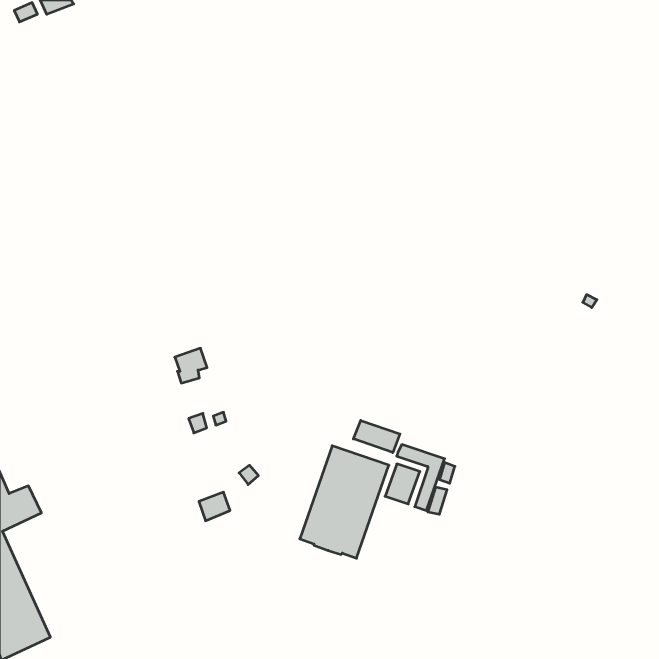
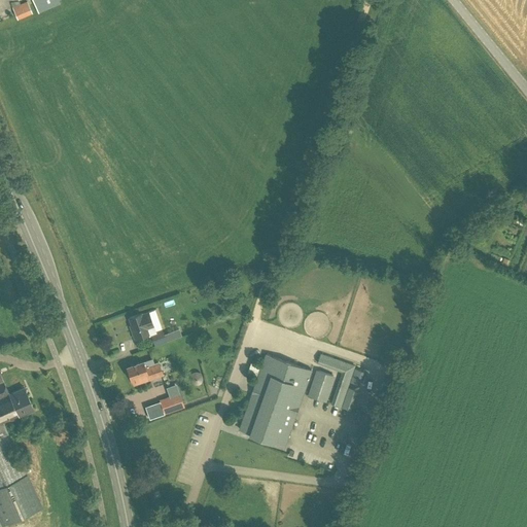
building: [175,348,207,383] -> [128,312,153,340]
building: [353,420,400,453] -> none
building: none -> [126,360,161,385]

